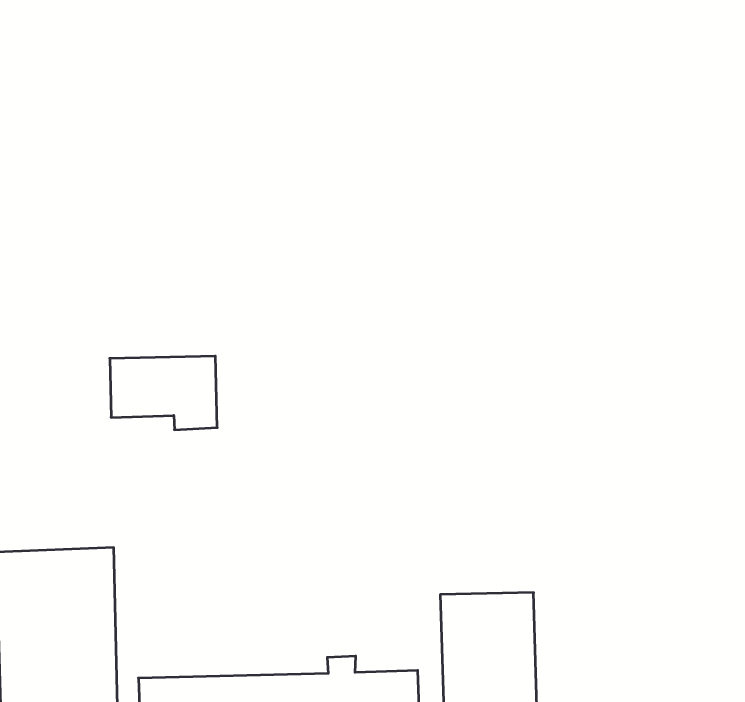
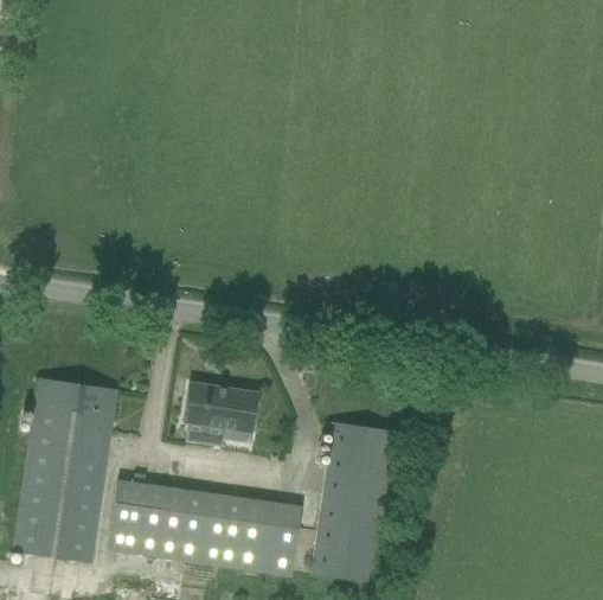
building: [110,356,217,430] -> [184,383,259,441]
building: none -> [327,421,393,470]

